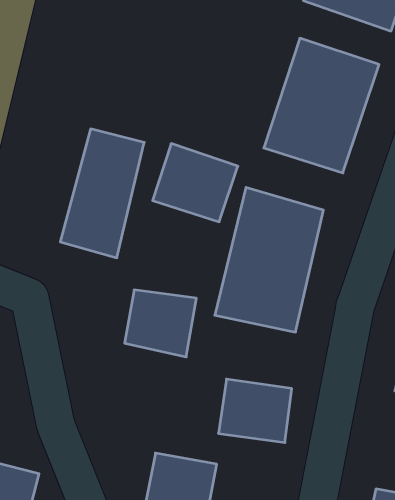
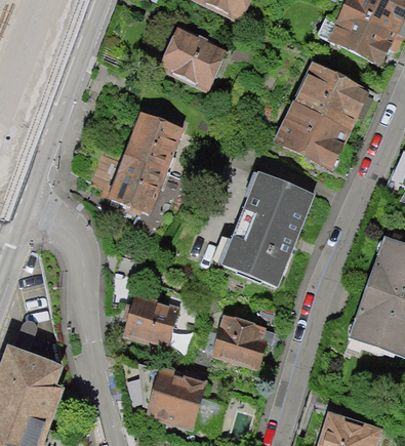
building: [153,144,238,222] -> [160,27,229,91]
building: [125,290,196,357] -> [122,290,181,347]

